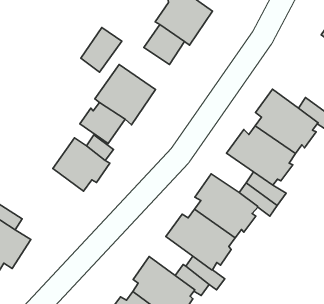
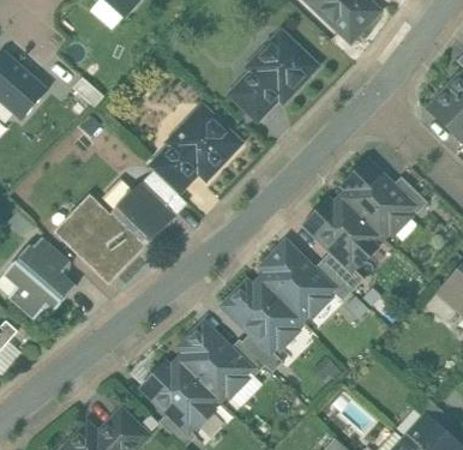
building: [81,27,122,72] -> none
building: none -> [56,200,143,280]

